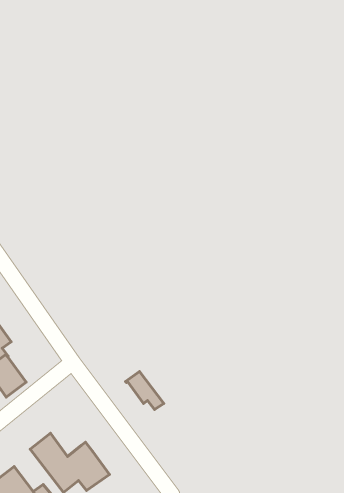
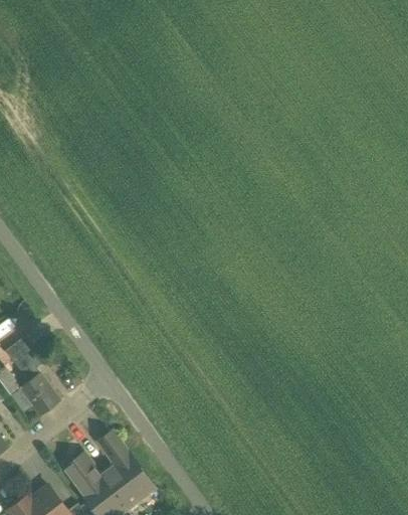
building: [126,372,164,410] -> [96,432,135,470]

